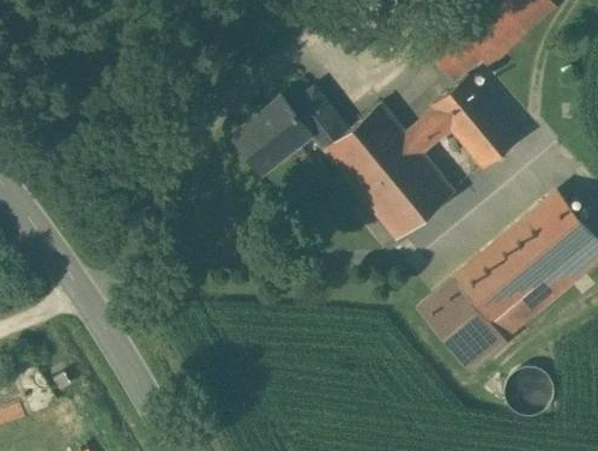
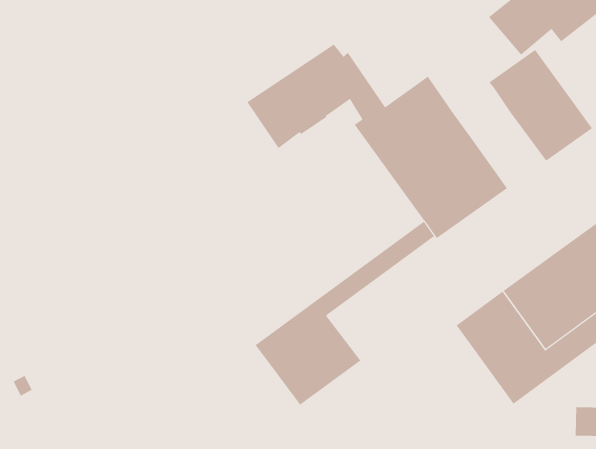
building: [404,109,449,154] -> none
building: none -> [255,221,435,405]

